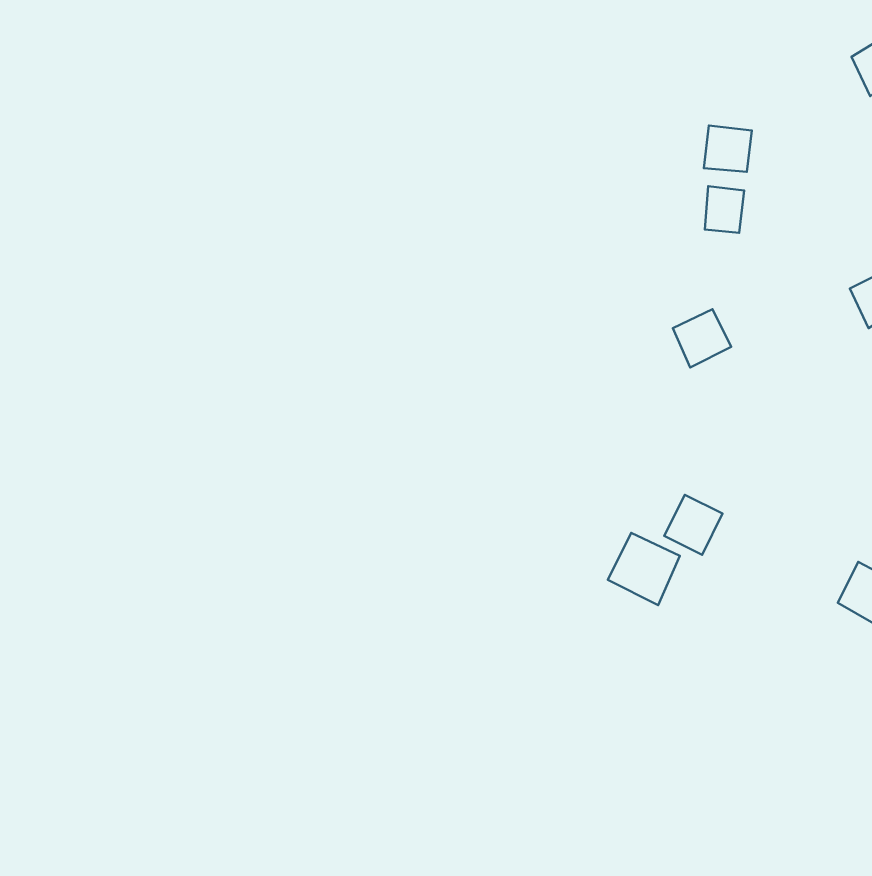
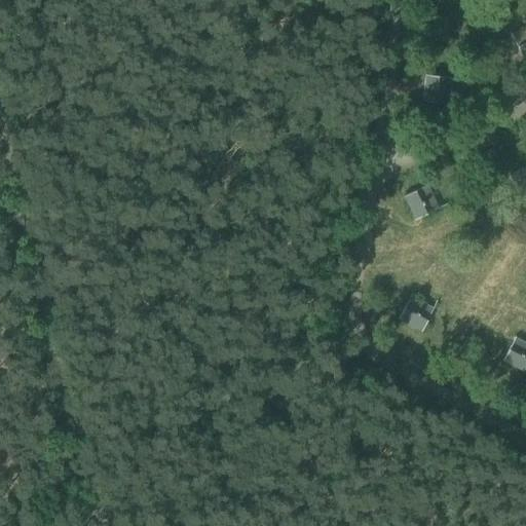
building: [705,186,744,233] -> none
building: [608,533,680,605] -> none

